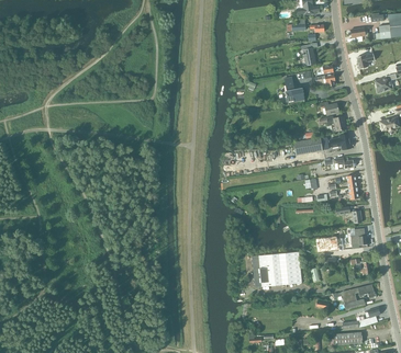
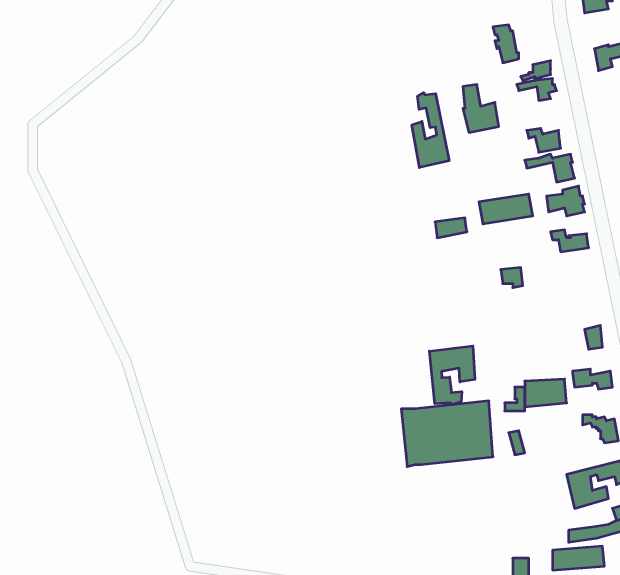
building: none -> [412,93,449,168]
building: none -> [429,346,475,405]

